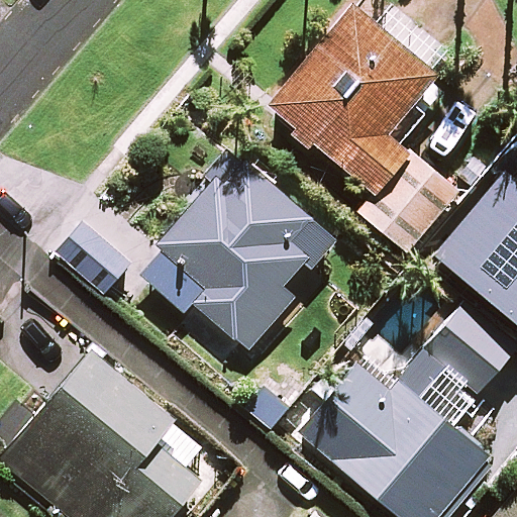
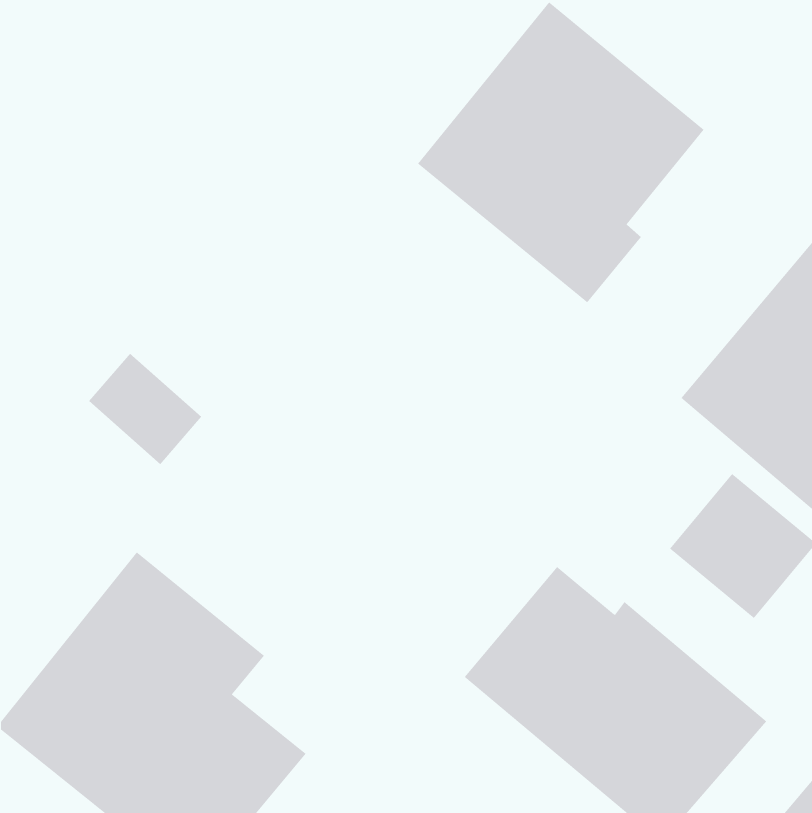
building: [136,154,336,351] -> none

